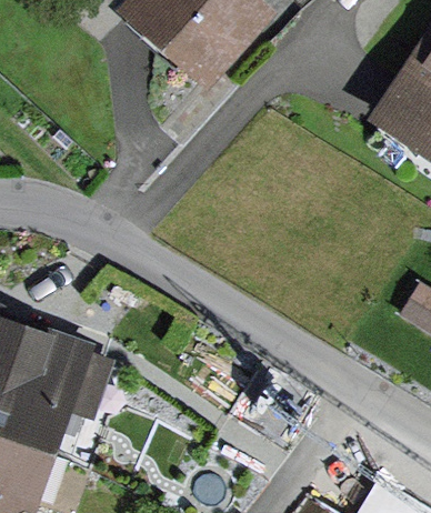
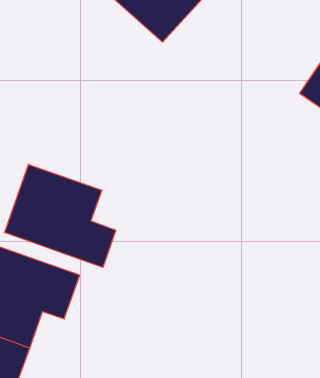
building: none -> [4,164,116,267]

